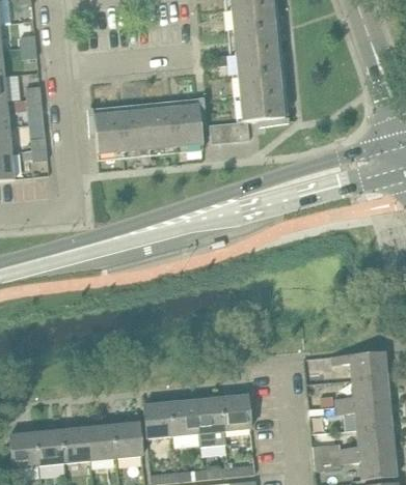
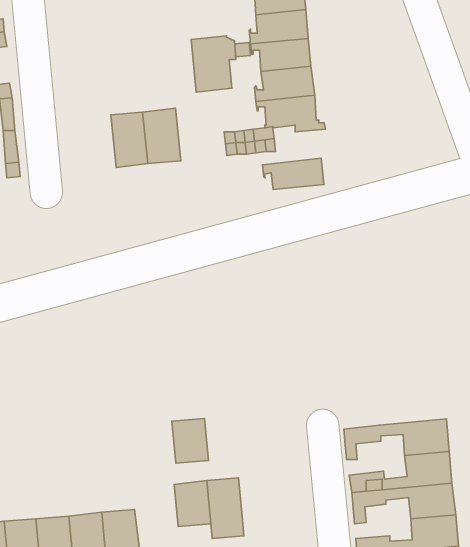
building: [171,103,207,147] -> [191,36,236,92]
building: [89,111,125,154] -> none
building: none -> [262,158,324,190]
building: [221,394,251,430] -> none
building: [144,402,173,437] -> [172,418,209,463]

